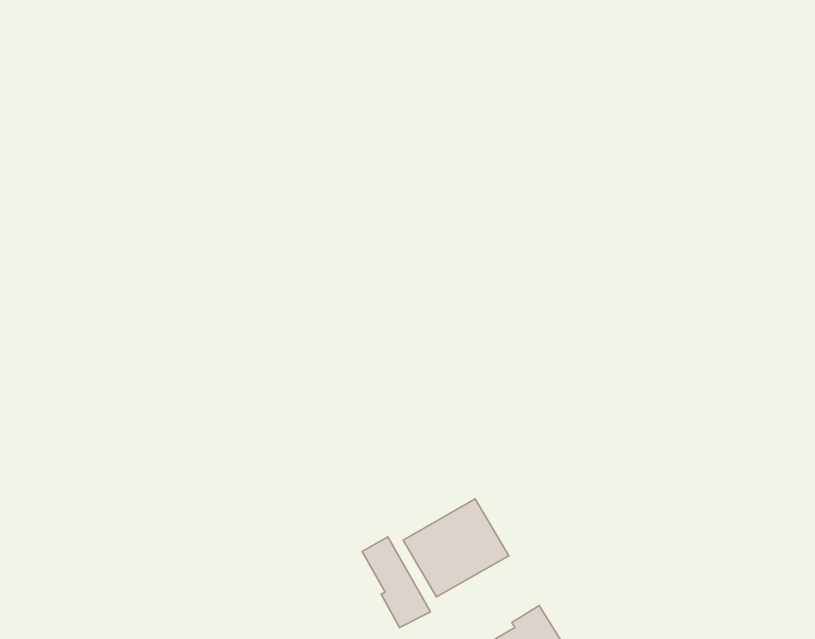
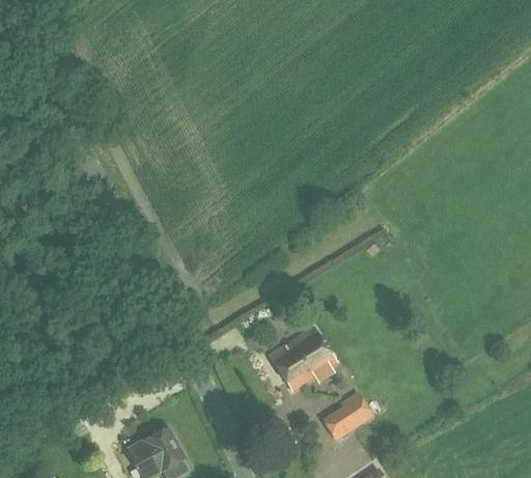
building: [362,537,431,628] -> none

